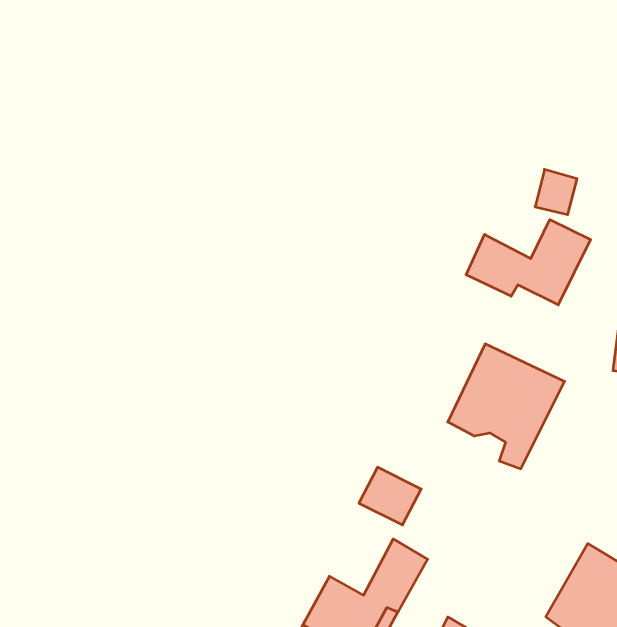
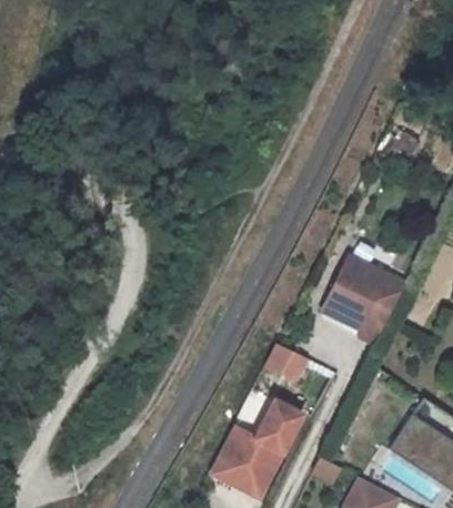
building: [466,220,591,305] -> none

